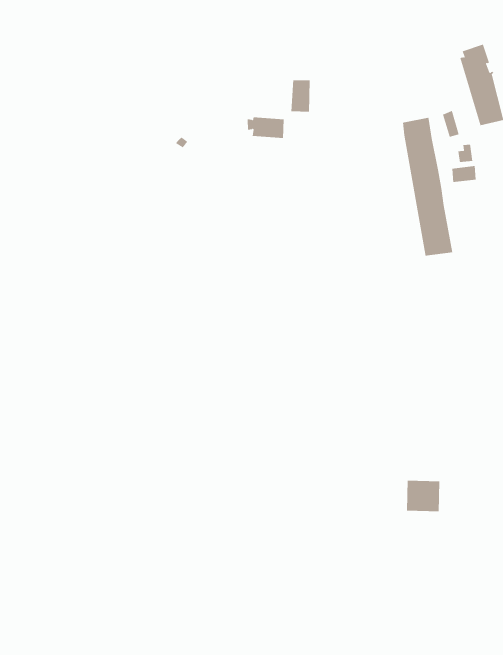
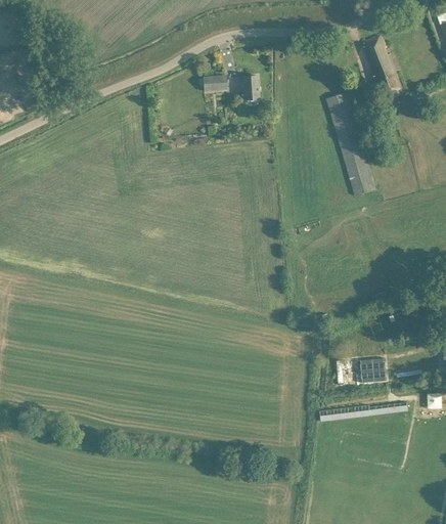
building: [247,117,285,138] -> [198,76,227,91]

